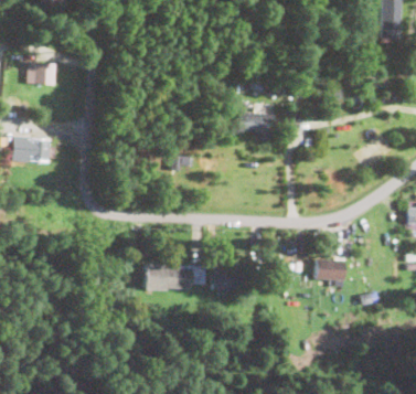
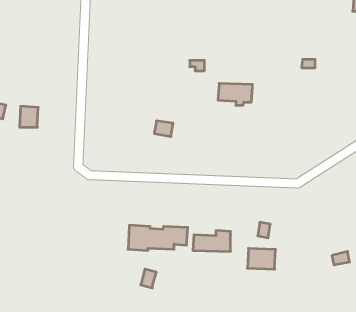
building: [28,62,55,84] -> none
building: [317,258,346,280] -> [247,248,276,269]

